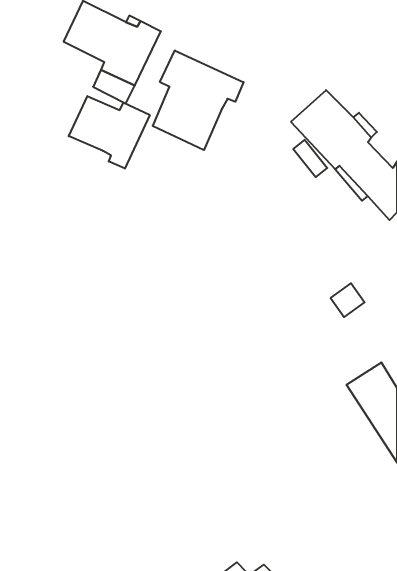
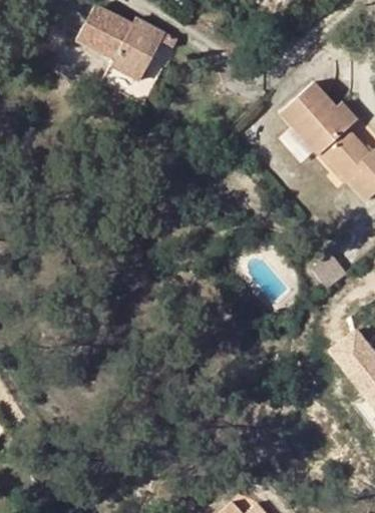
building: [153,50,244,150] -> none
building: [69,96,150,169] -> none

